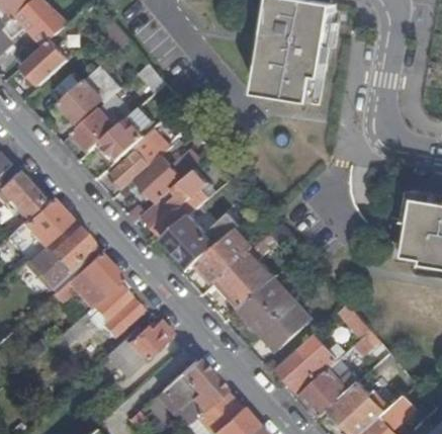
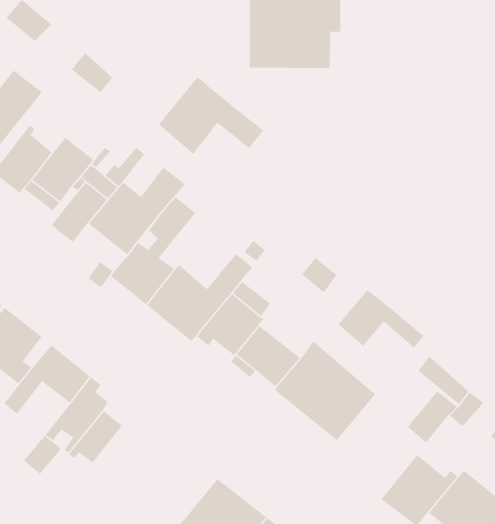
building: none -> [158,77,264,155]
building: none -> [337,289,424,349]
building: [107,323,172,376] -> none
building: [279,342,331,393] -> none

